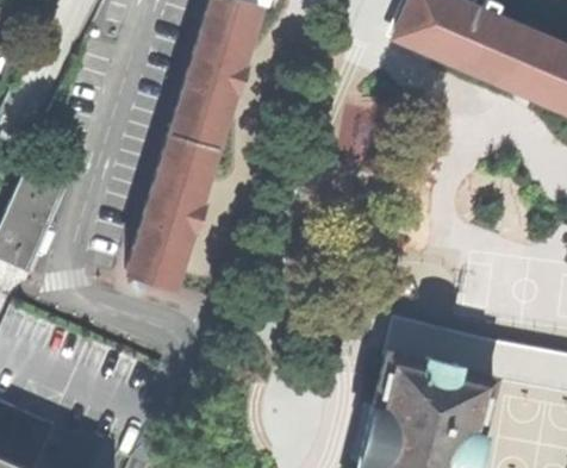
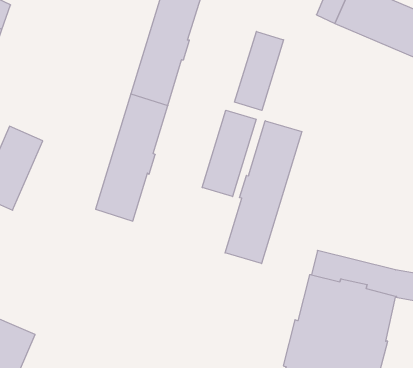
building: none -> [235,31,284,110]
building: none -> [202,110,256,197]
building: none -> [225,121,302,264]

